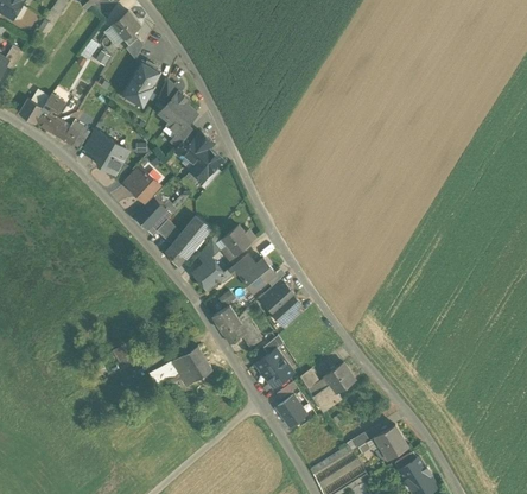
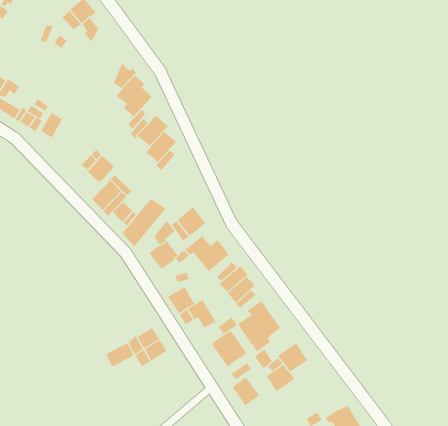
building: [122,62,159,107] -> none
building: [95,137,126,173] -> none
building: none -> [237,301,281,352]

